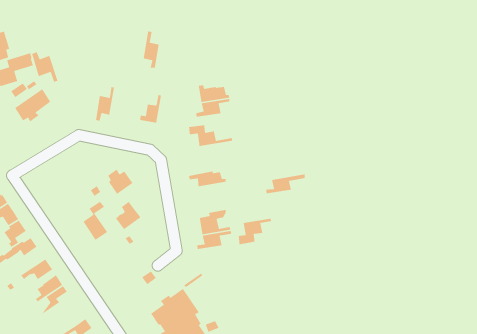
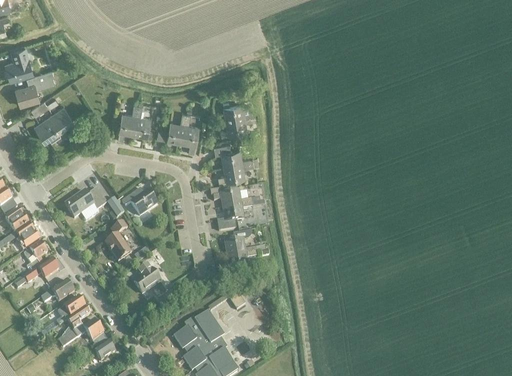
building: [143,30,159,69] -> [181,112,198,151]
building: [31,51,58,83] -> none
building: none -> [133,104,152,136]
building: none -> [65,186,107,220]
building: [265,174,305,194] -> [218,159,259,180]
building: [115,201,141,230] -> [134,262,161,292]
building: [238,218,272,245] -> [218,201,253,229]
building: none -> [59,318,108,347]

